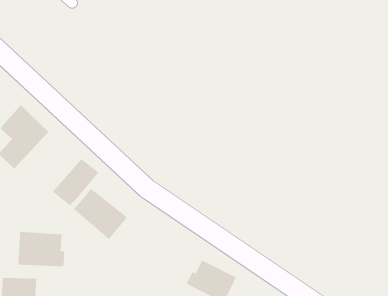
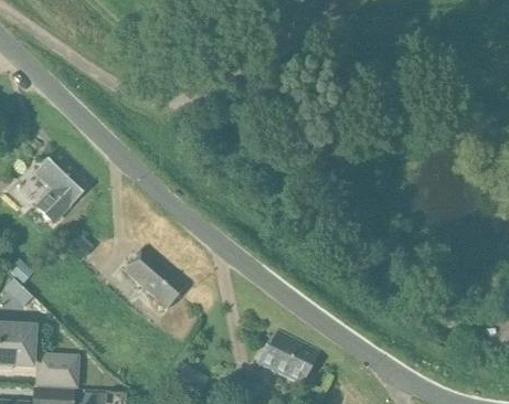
building: [52,158,99,207] -> none
building: [18,231,65,267] -> none

